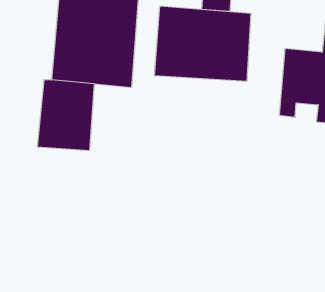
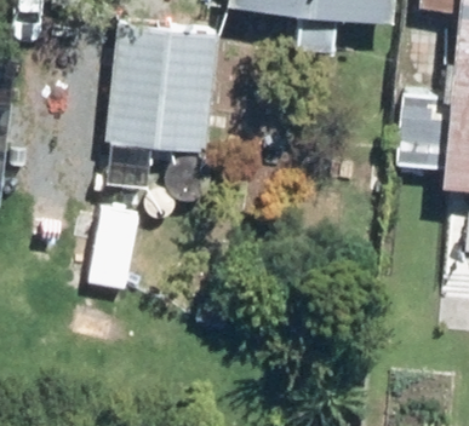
building: [155,6,251,82] -> none

